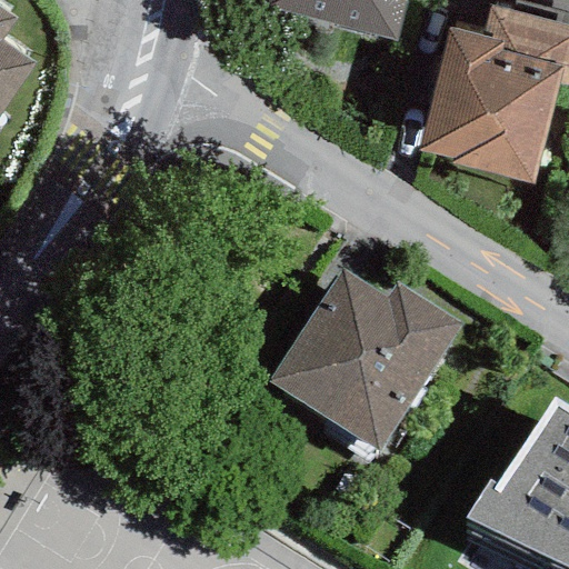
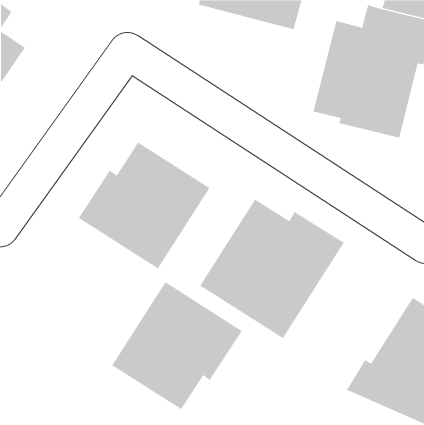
building: none -> [78,141,210,270]
building: none -> [111,281,243,410]

